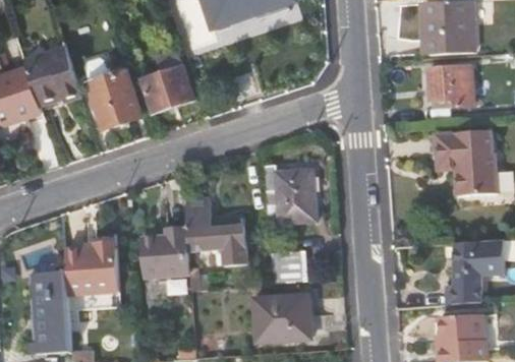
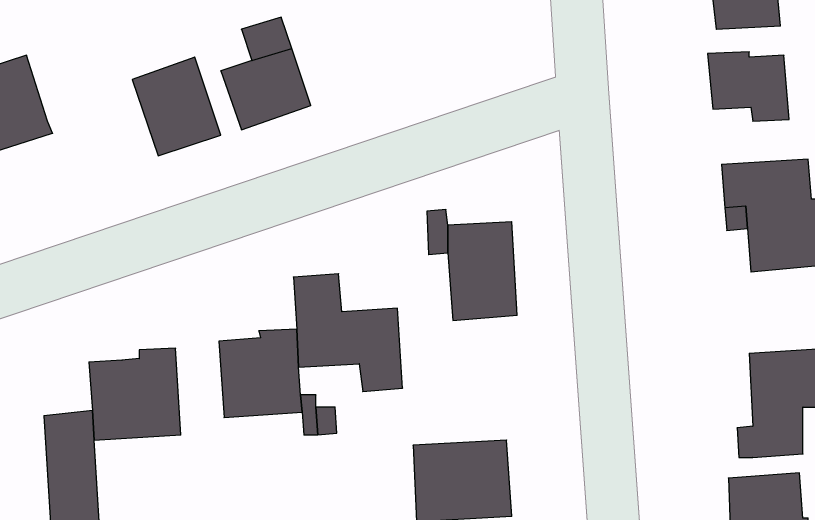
building: [24,45,83,107] -> none
building: [269,250,308,286] -> none

